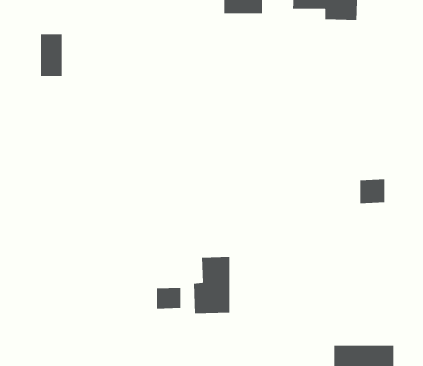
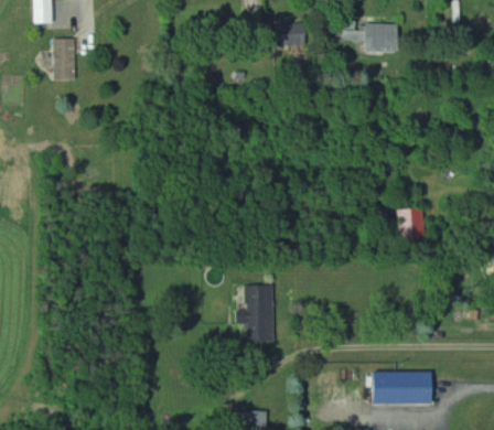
building: [40,34,62,77] -> [53,39,75,80]
building: [157,287,181,309] -> none

